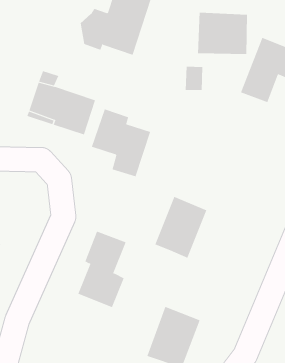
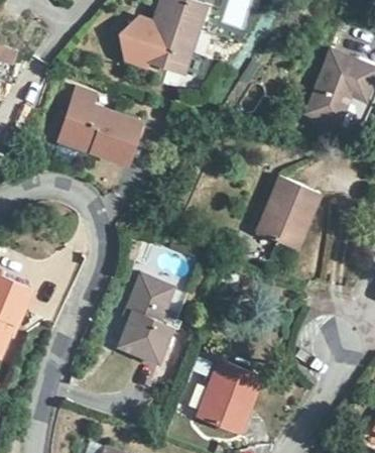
building: [198,12,248,55] -> none
building: [91,109,151,177] -> none
building: [155,196,207,258] -> [258,177,319,248]

